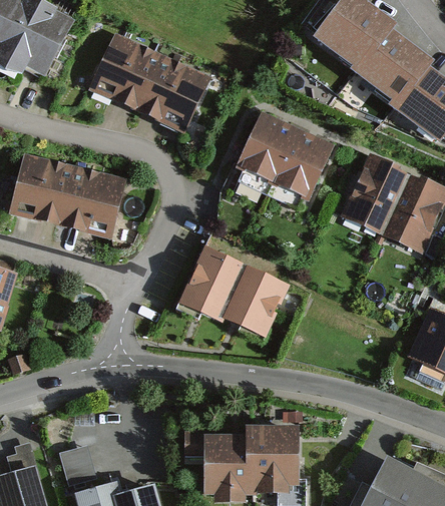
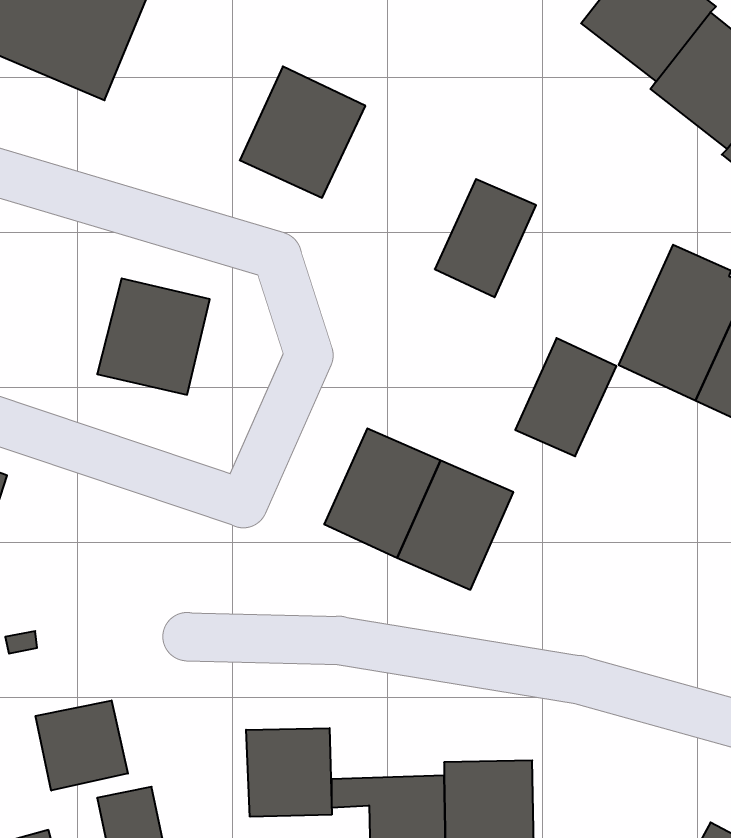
building: [92,36,158,106] -> none
building: [272,130,326,193] -> [515,338,616,456]
building: [12,157,72,220] -> none
building: none -> [36,700,128,791]
building: none -> [246,728,332,817]

